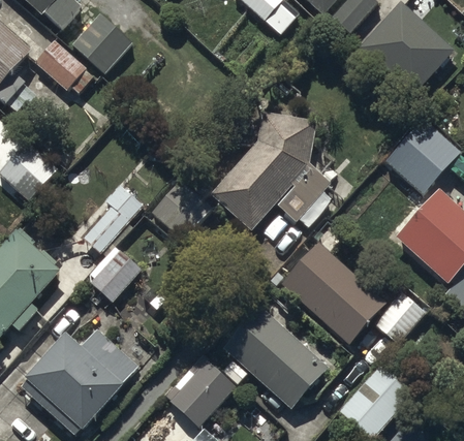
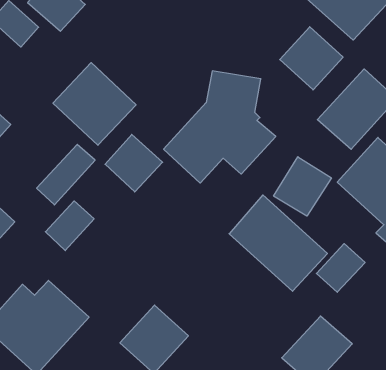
building: none -> [280,27,343,90]
building: none -> [53,63,136,145]
building: none -> [274,157,331,216]
building: [224,309,329,410] -> none

